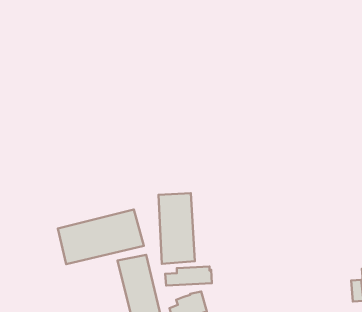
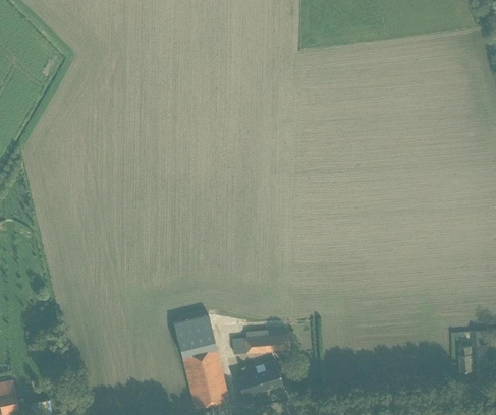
building: [159,193,195,264] -> none
building: [58,210,144,264] -> none

